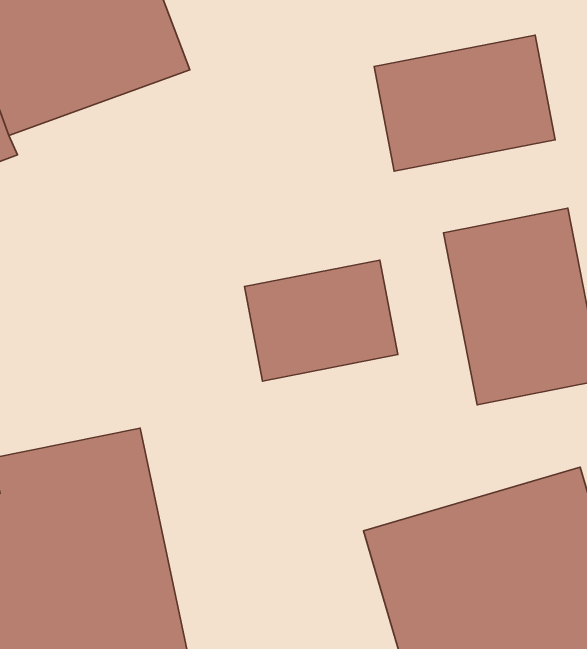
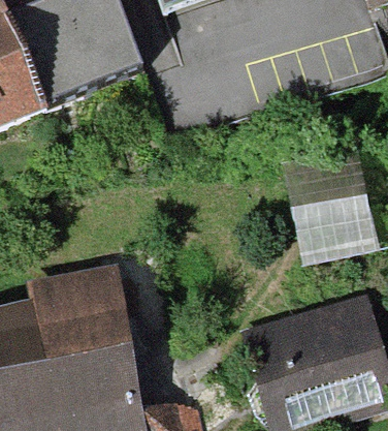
building: [374,35,555,171] -> none
building: [244,260,398,381] -> none

